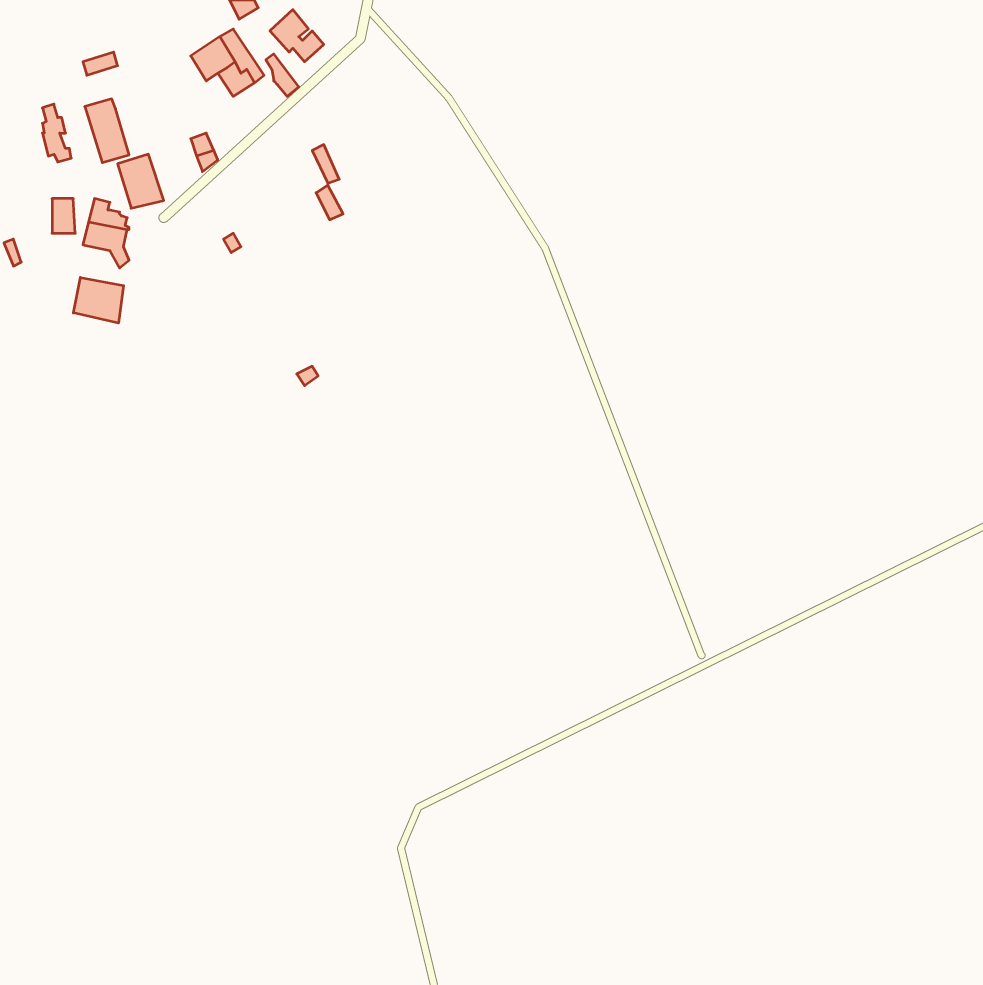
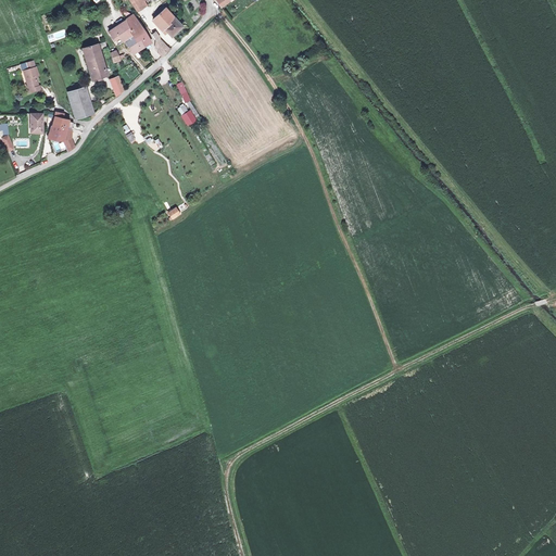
building: [85,99,129,163] -> [81,43,106,79]
building: [73,277,124,323] -> none

